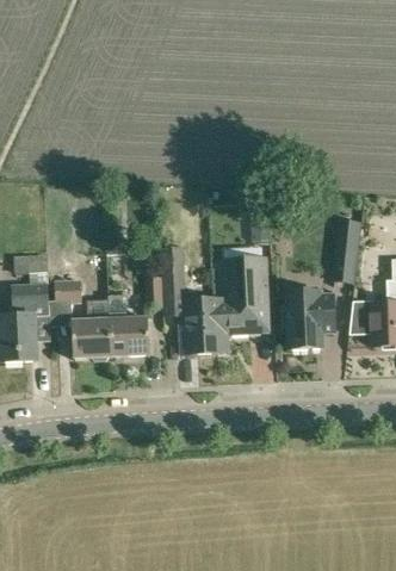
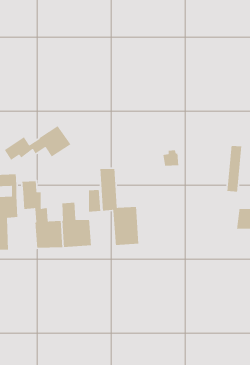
building: none -> [4,125,71,161]
building: [212,256,268,352] -> none
building: [283,290,335,348] -> none

